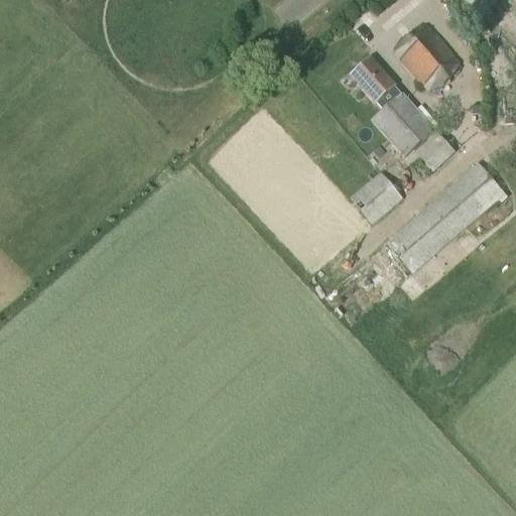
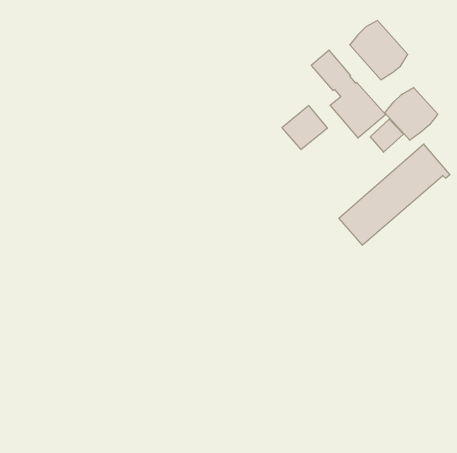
building: none -> [385,87,438,140]
building: [351,172,402,222] -> [282,106,328,149]

